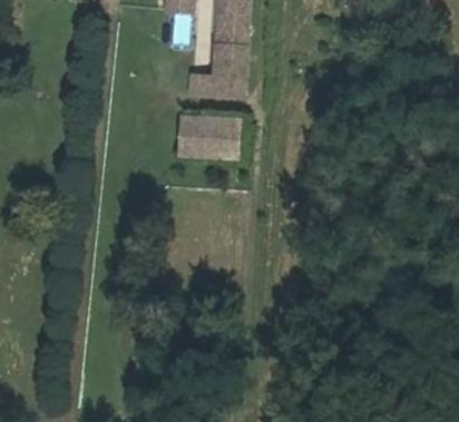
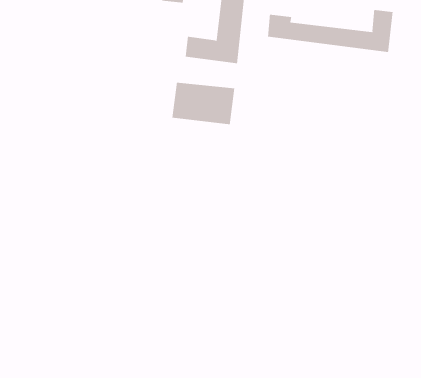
building: none -> [267,9,393,53]

